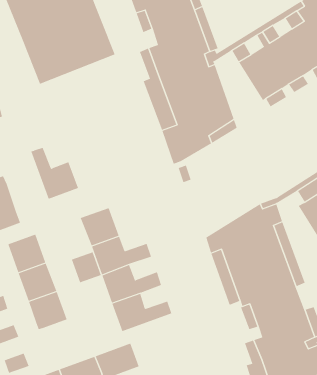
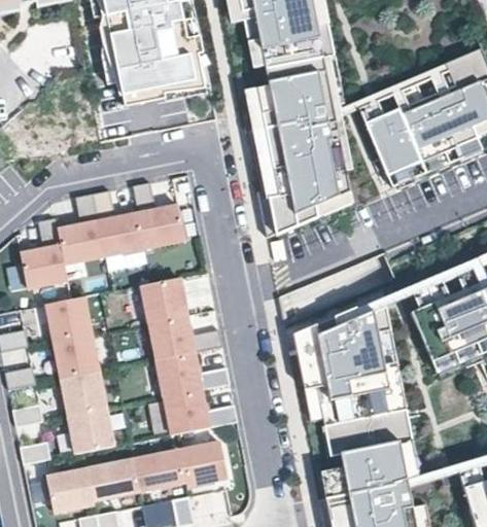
building: none -> [133,182,185,248]
building: none -> [58,194,105,265]
building: [71,252,101,283] -> none
building: none -> [68,409,113,454]
building: none -> [180,442,228,485]

